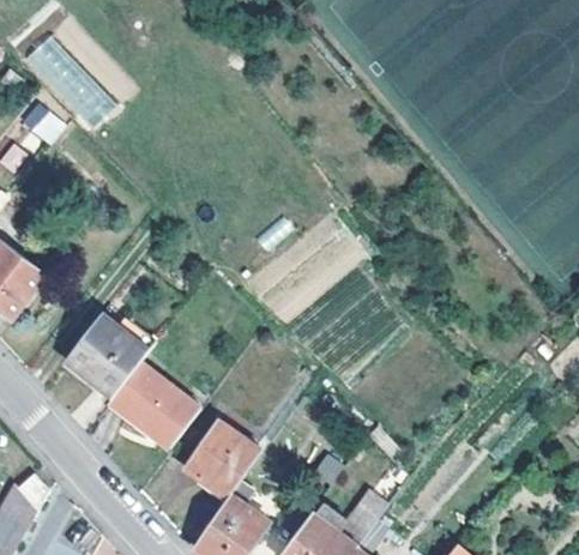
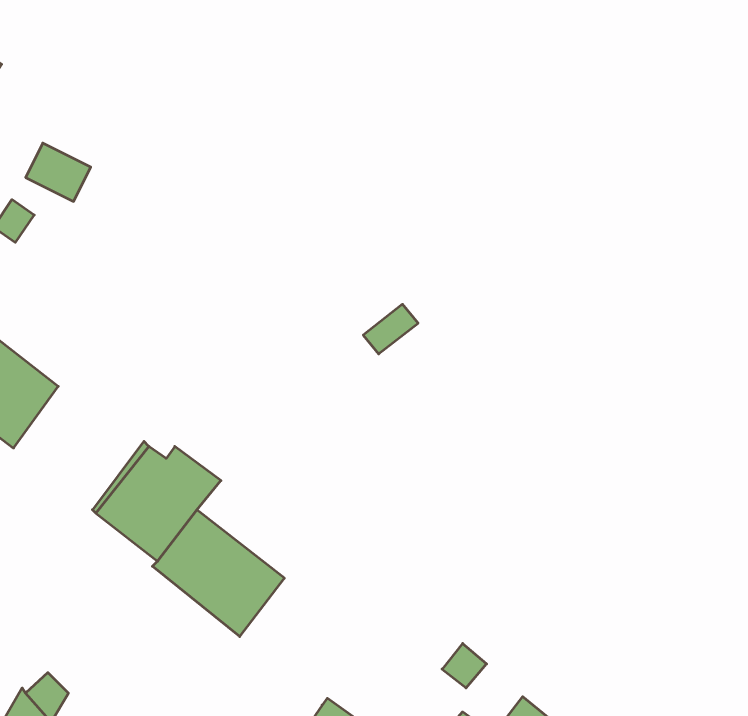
building: [20,37,117,131] -> none
building: [185,420,261,497] -> none

